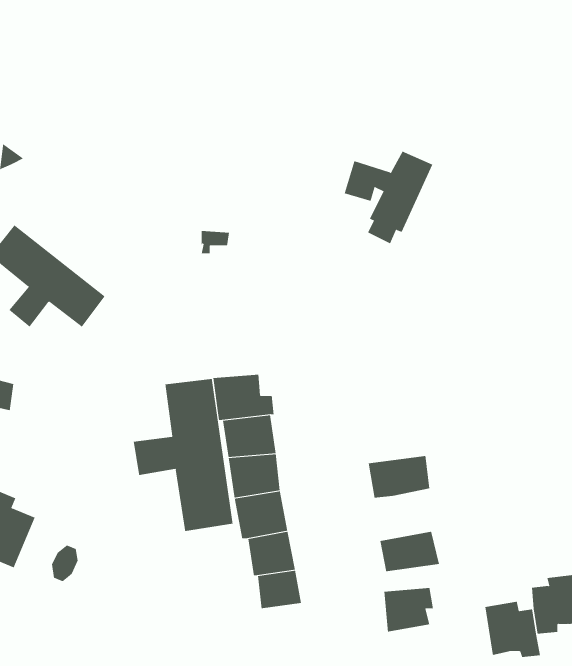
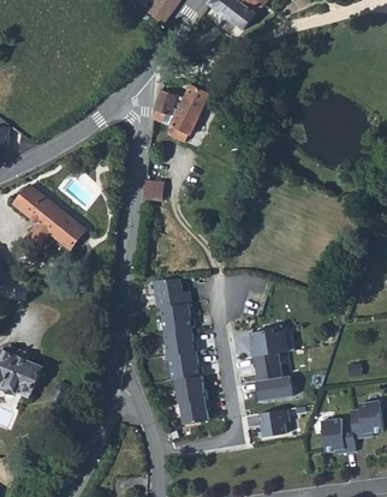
building: [344,151,433,244] -> [154,84,209,142]
building: [133,378,233,532] -> none
building: none -> [251,352,290,378]

